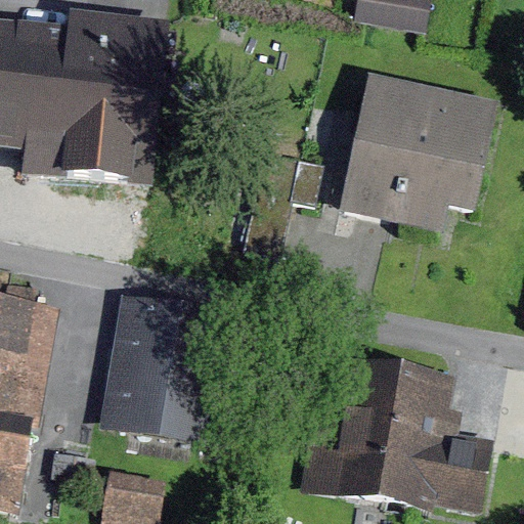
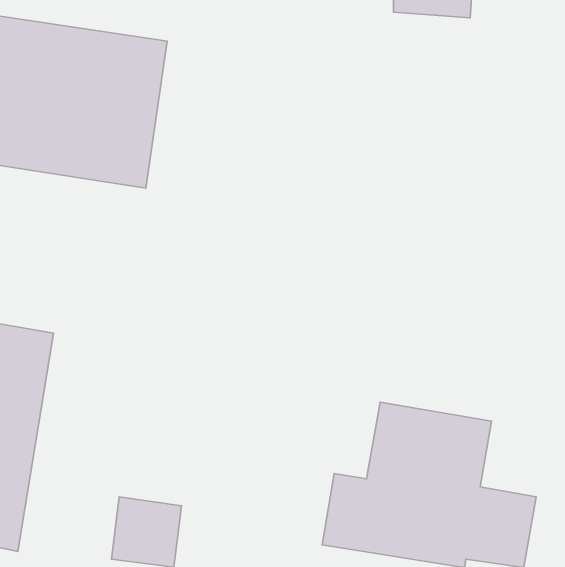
building: [343,78,494,220] -> none
building: [111,303,222,444] -> none

